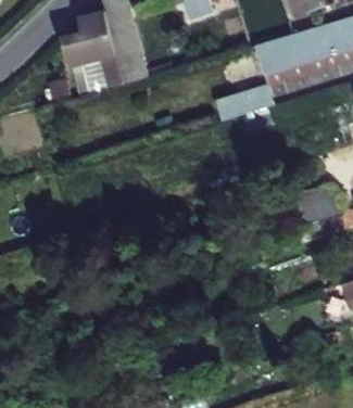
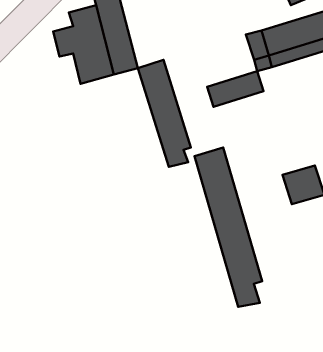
building: none -> [138,60,191,167]
building: none -> [195,147,262,307]

